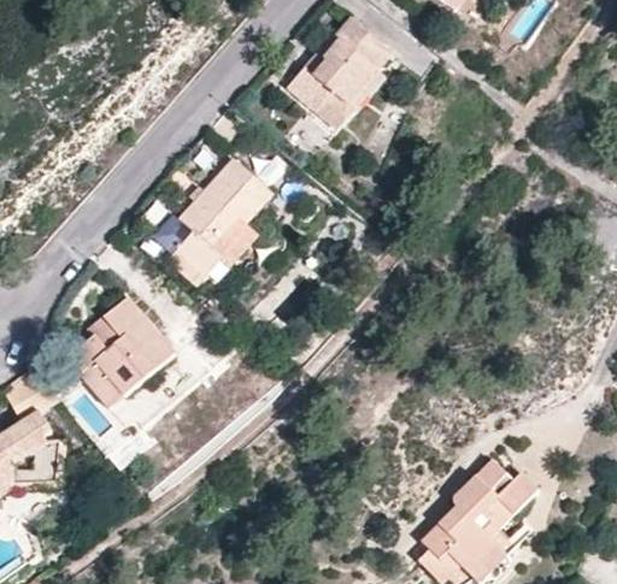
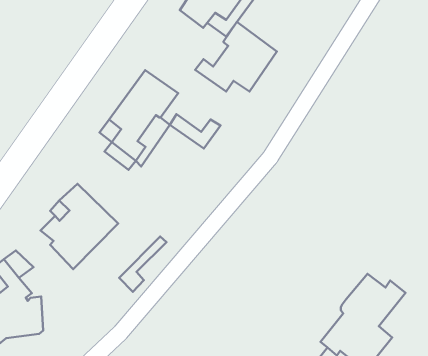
building: none -> [195,22,277,91]
building: none -> [170,114,220,148]
building: none -> [119,236,167,292]

